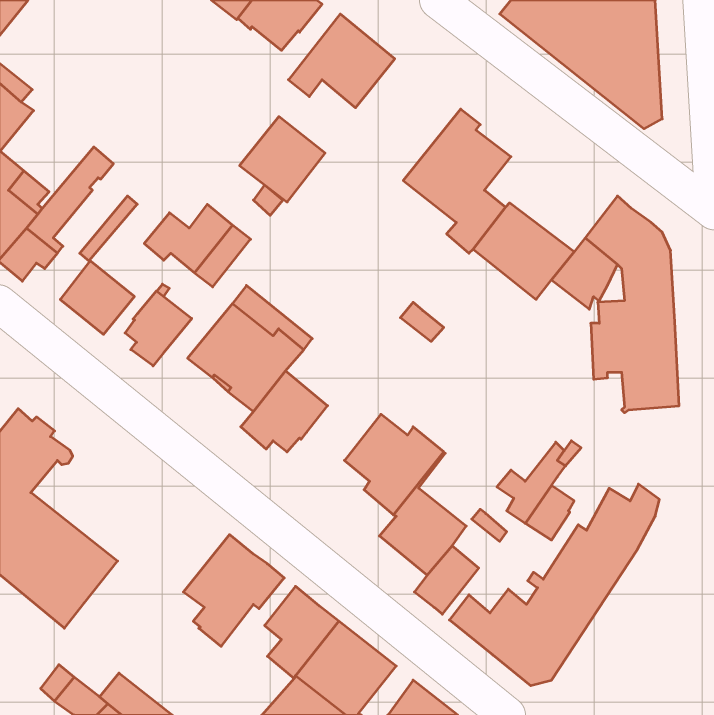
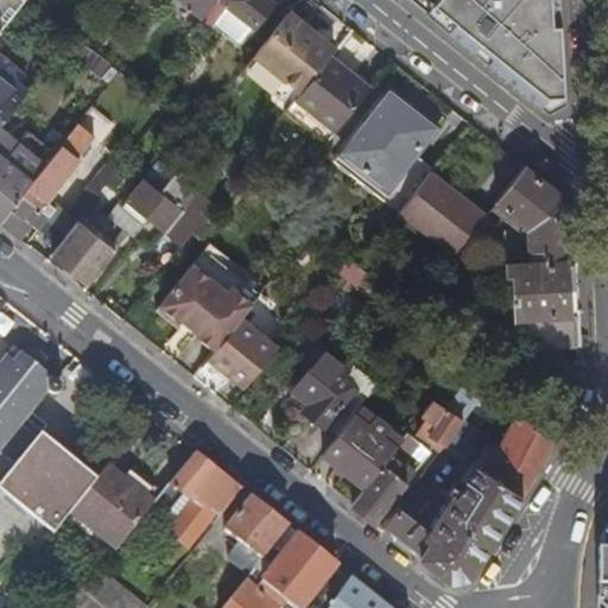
building: [240,117,325,202] -> [297,57,369,129]
building: [125,291,192,366] -> none
building: none -> [71,466,154,550]

